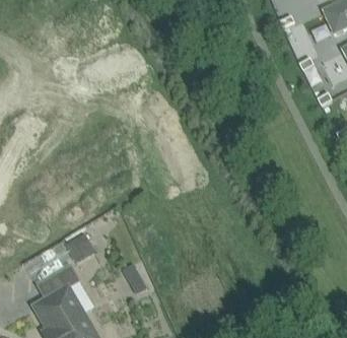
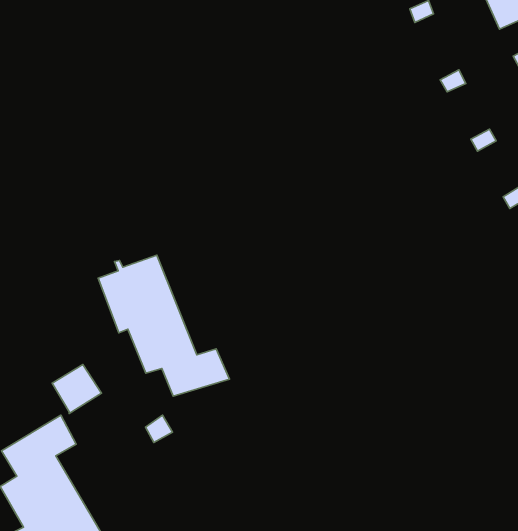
building: none -> [98,255,230,396]

